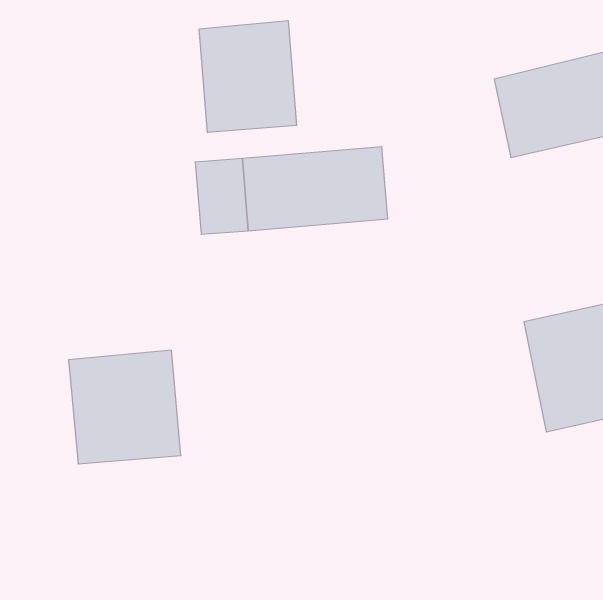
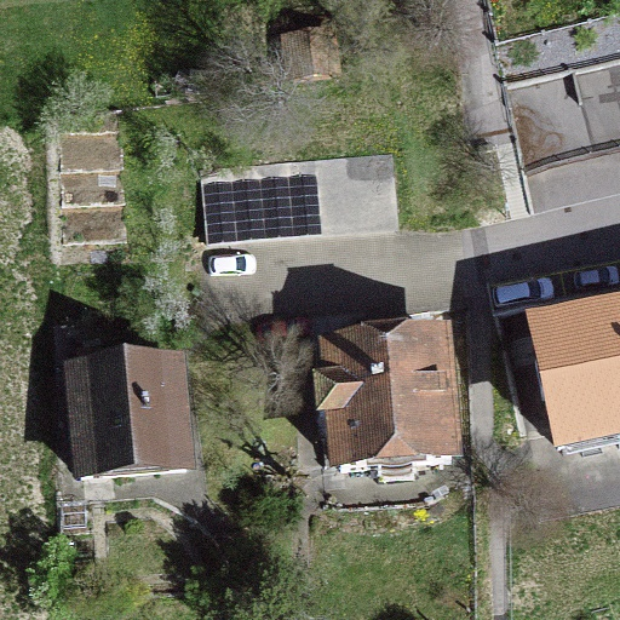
building: [199,21,297,133] -> none
building: none -> [294,315,452,467]

